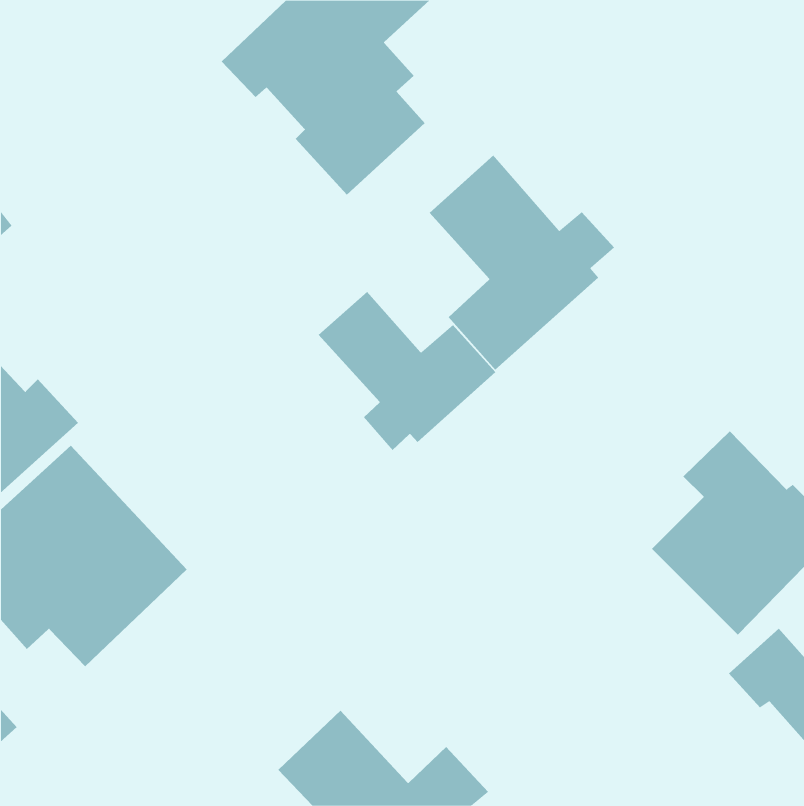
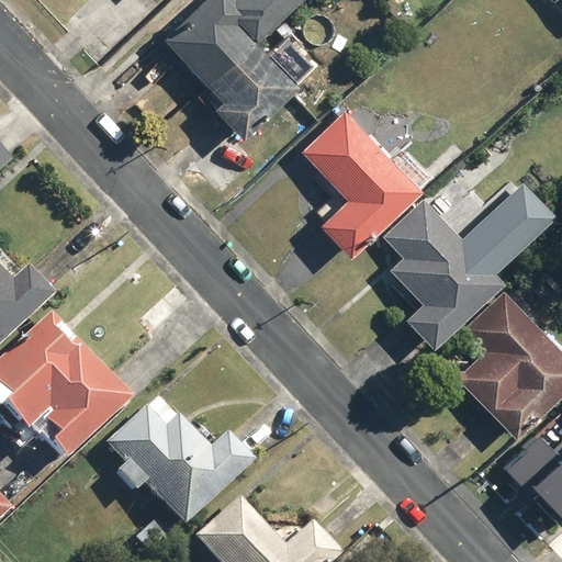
building: none -> [386,184,555,349]
building: [318,291,496,451] -> none
building: none -> [109,395,258,527]

